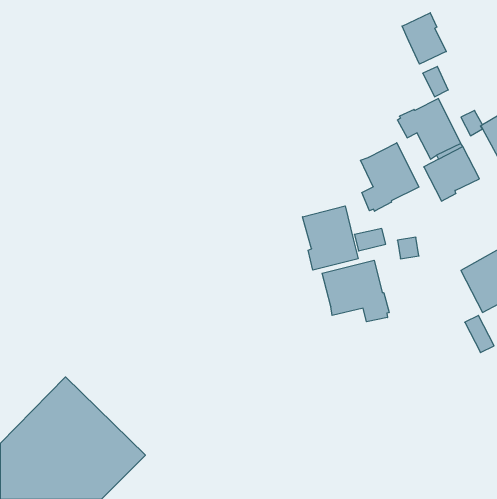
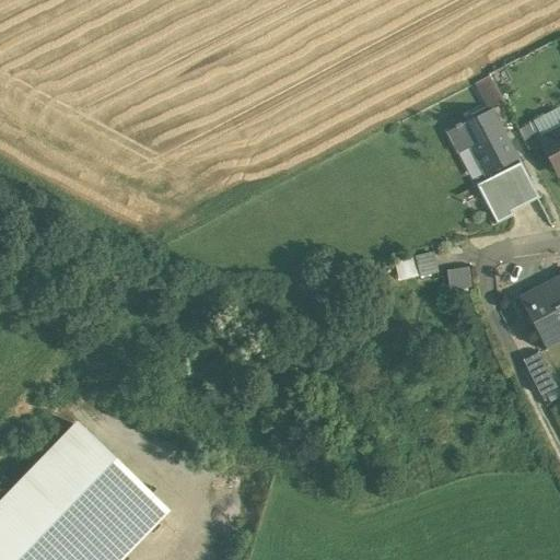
building: [402,13,446,64] -> none
building: [361,143,419,211] -> none
building: [303,206,358,270] -> none
building: [322,260,389,322] -> none

